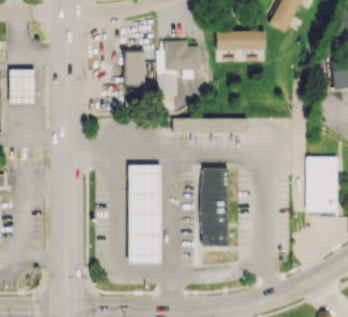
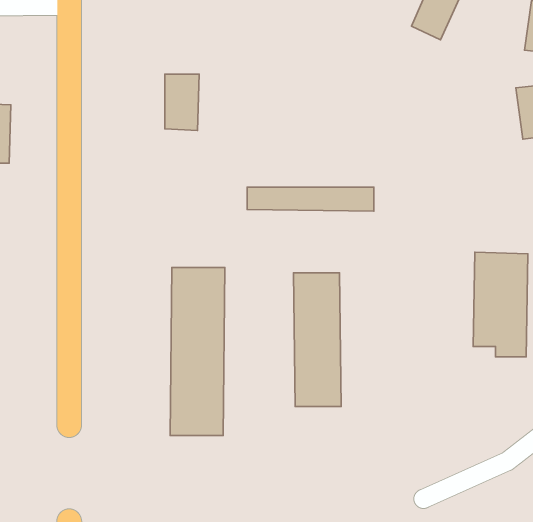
building: [216,30,265,49] -> none
building: [157,40,200,111] -> none

